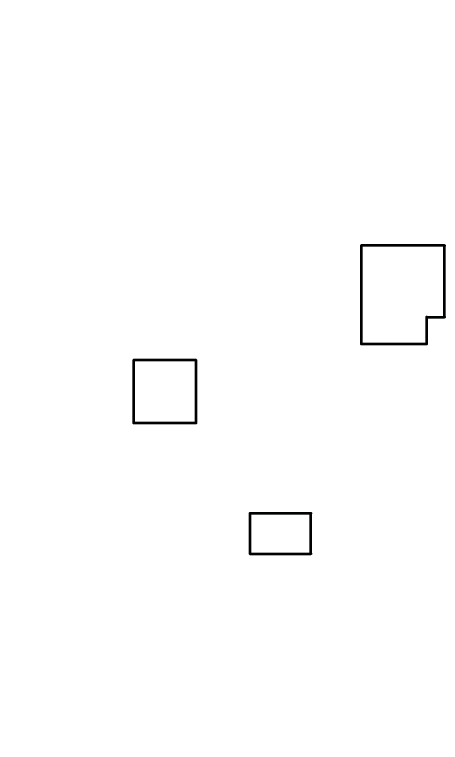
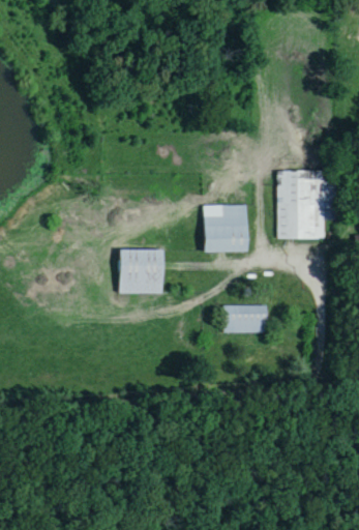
building: none -> [204,205,247,252]
building: [250,513,311,554] -> [225,305,267,333]

